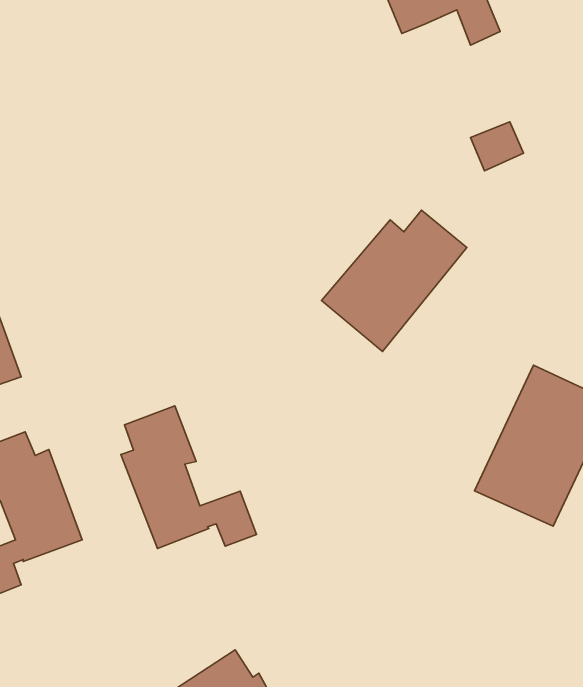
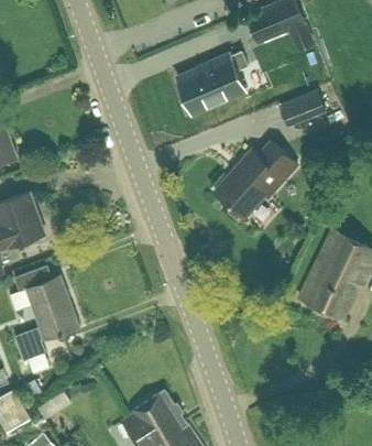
building: none -> [177,53,248,116]
building: [121,406,256,549] -> none

